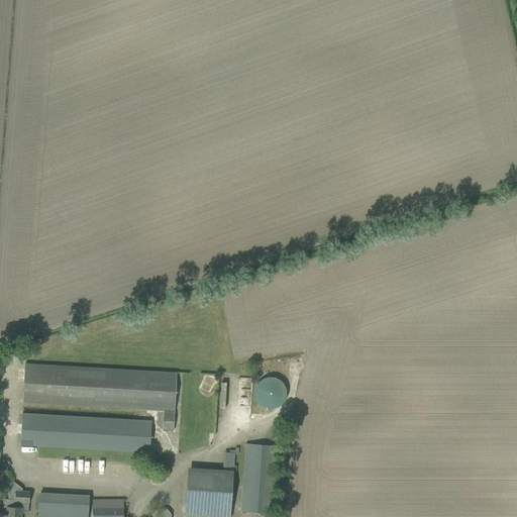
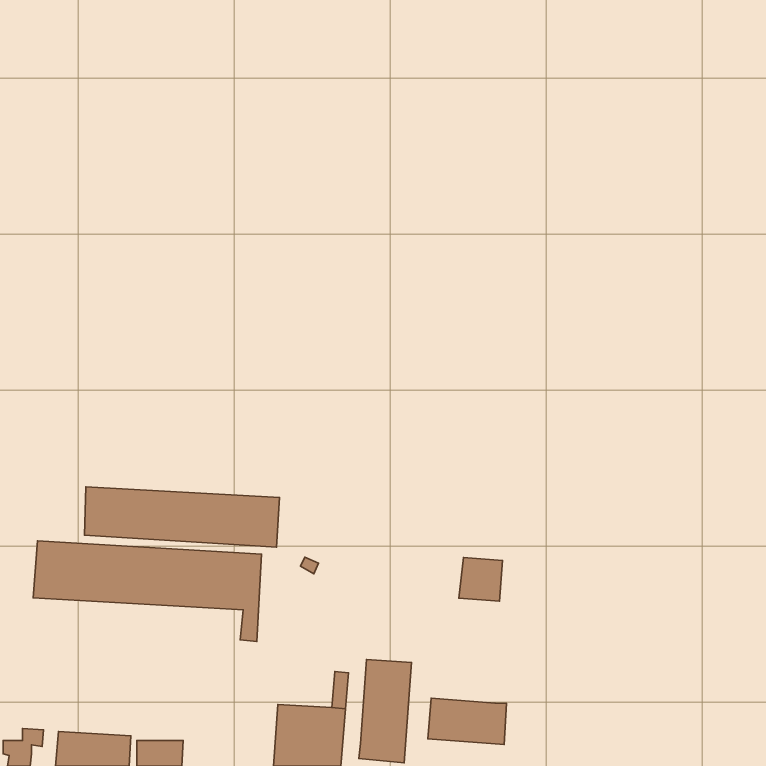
building: [255,377,285,406] -> [459,558,503,601]
building: [21,413,152,453] -> [84,487,280,547]
building: none -> [428,698,507,745]

